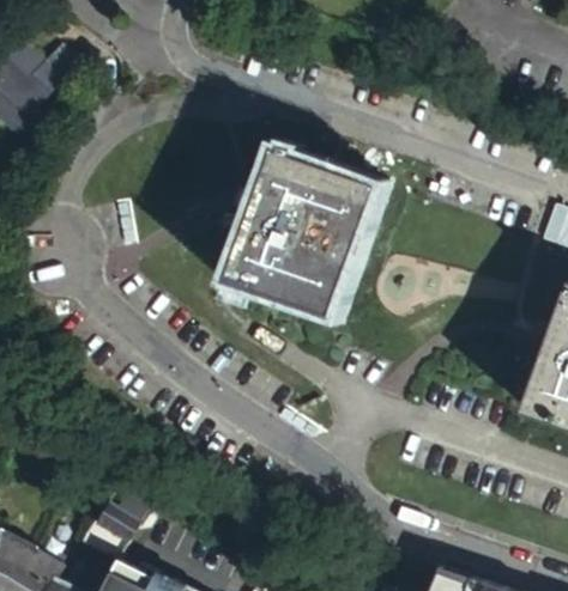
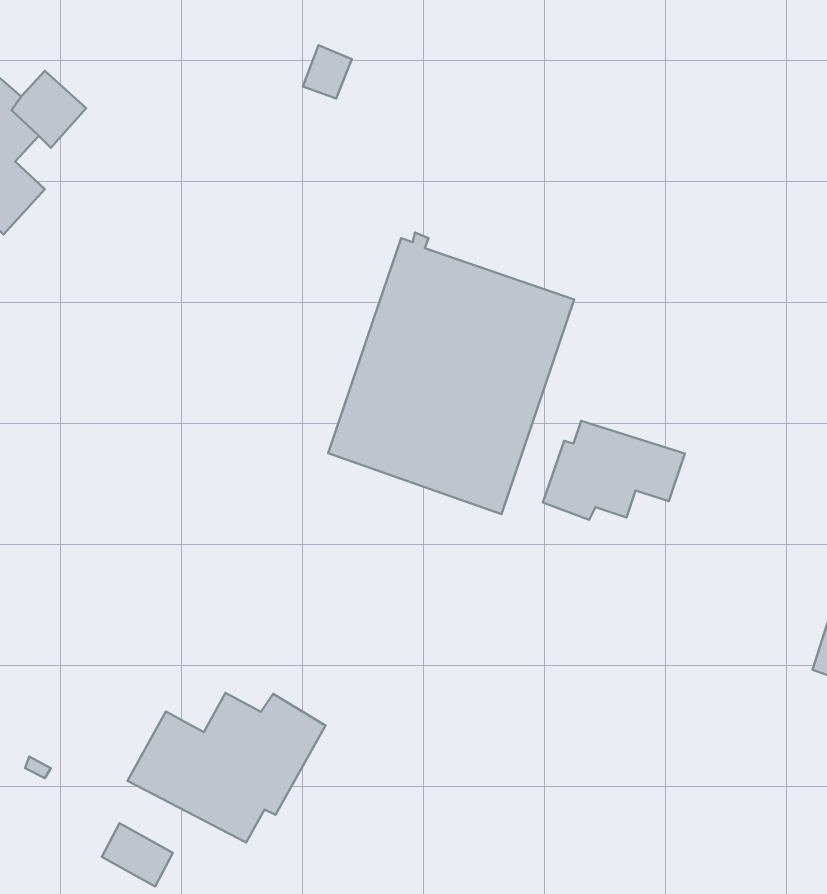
building: none -> [543,421,685,520]
building: none -> [127,693,326,843]

